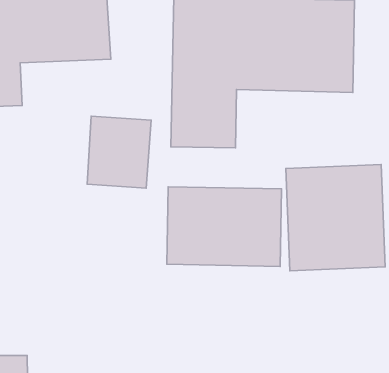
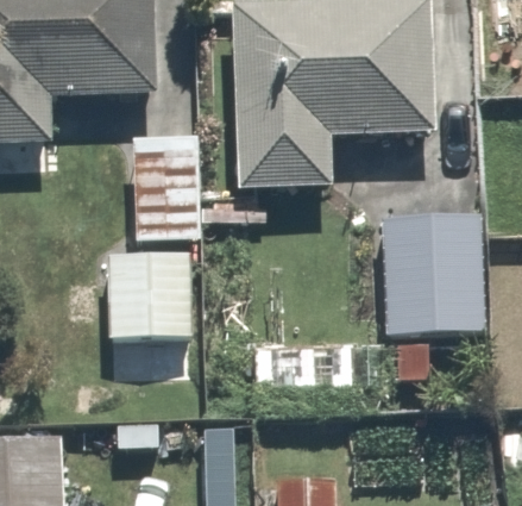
building: [167,187,281,266] -> none
building: none -> [71,256,196,336]

